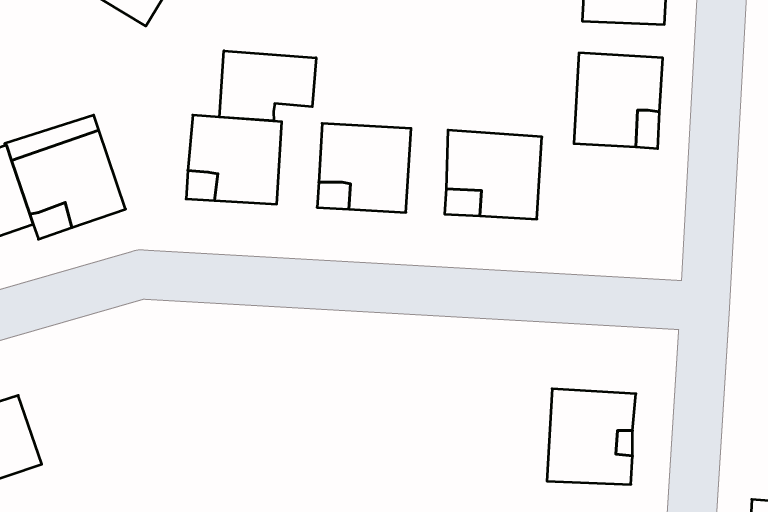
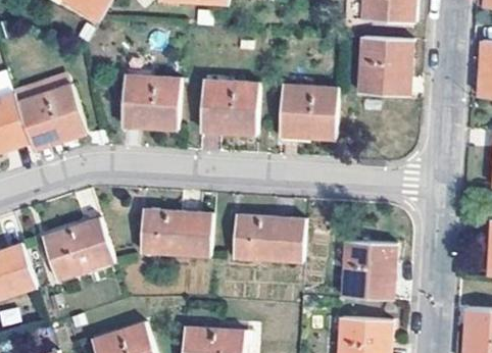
building: [219,51,316,121] -> none
building: none -> [139,210,210,255]
building: none -> [231,216,304,261]
building: none -> [40,218,111,280]

